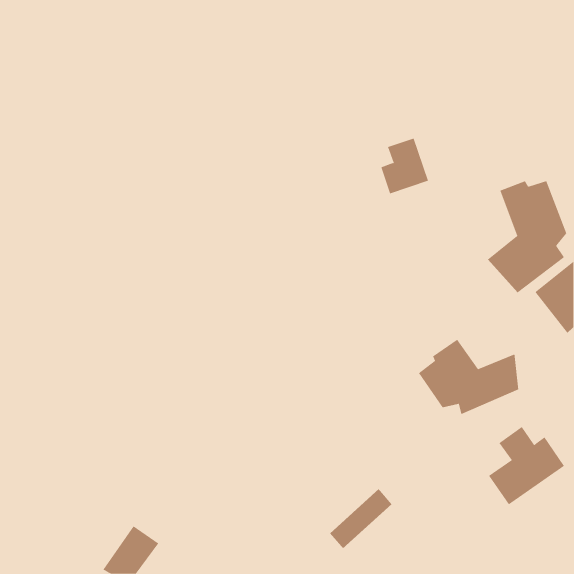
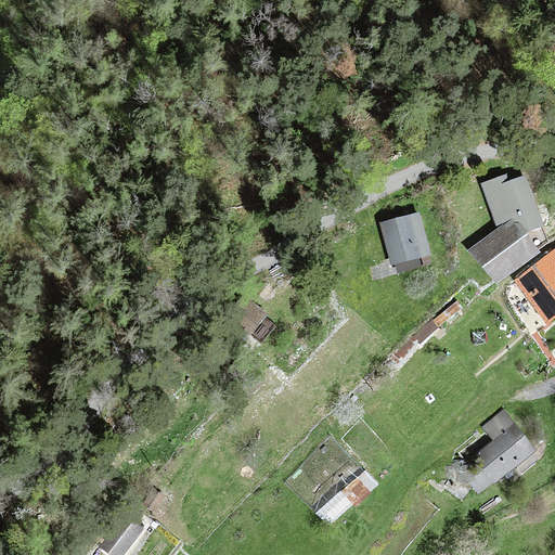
building: [380,138,429,194] -> [386,212,433,267]
building: [418,339,519,415] -> none

